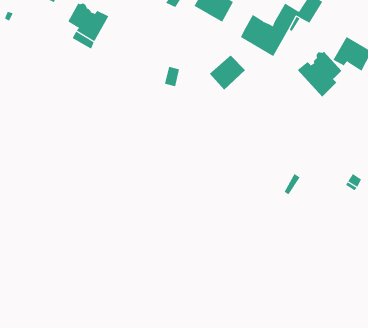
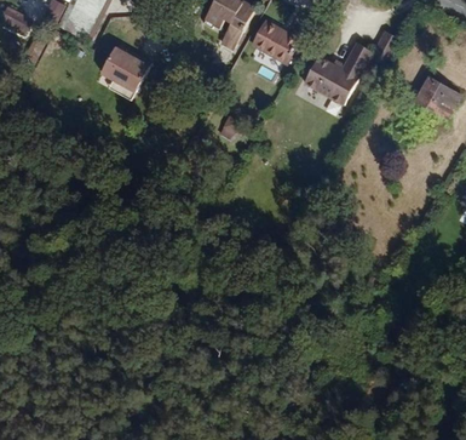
building: [297,51,342,97] -> none
building: [209,54,246,90] -> none

